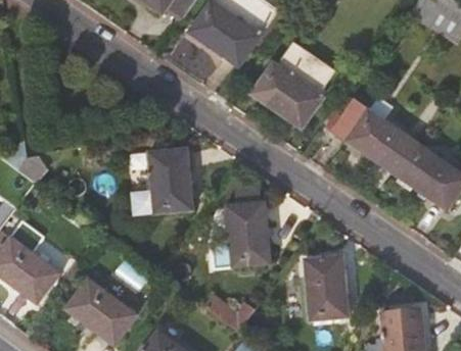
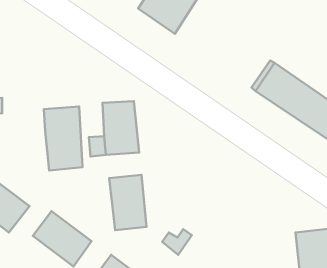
building: [251,41,336,129] -> none
building: none -> [44,106,83,170]
building: [225,200,270,266] -> [109,175,147,230]
building: [303,253,348,317] -> none

